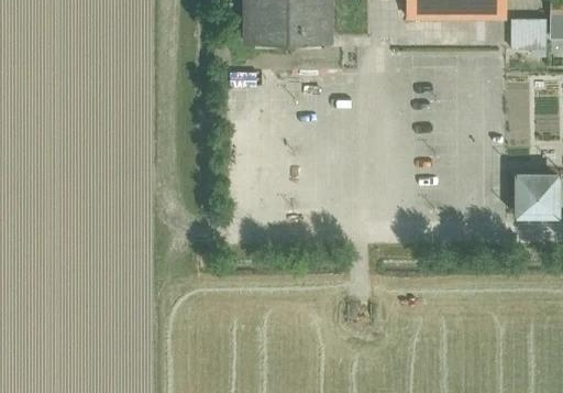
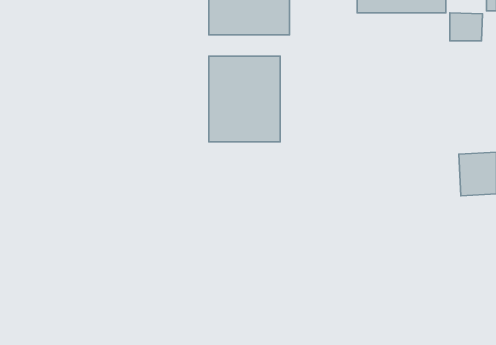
building: none -> [209,56,280,142]

